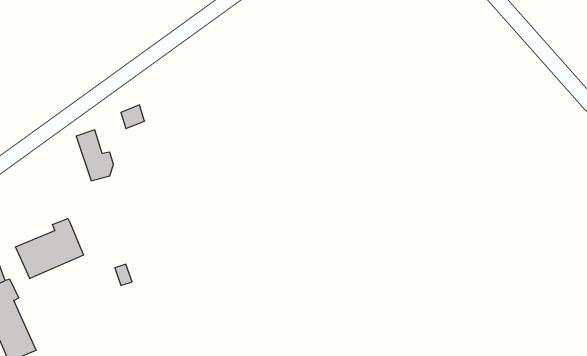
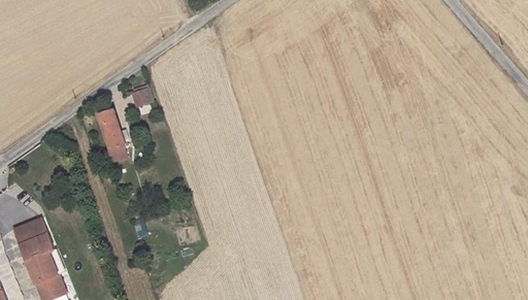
building: [15,219,84,279] -> none

